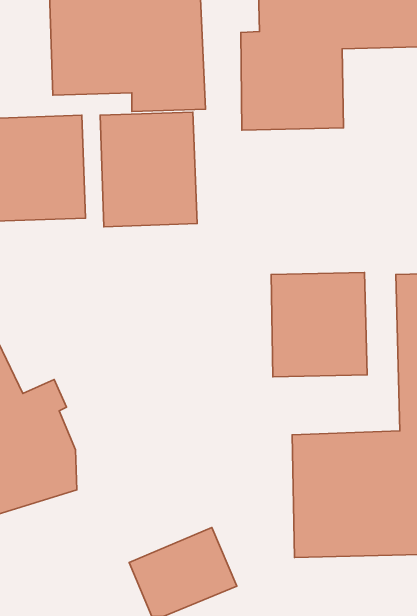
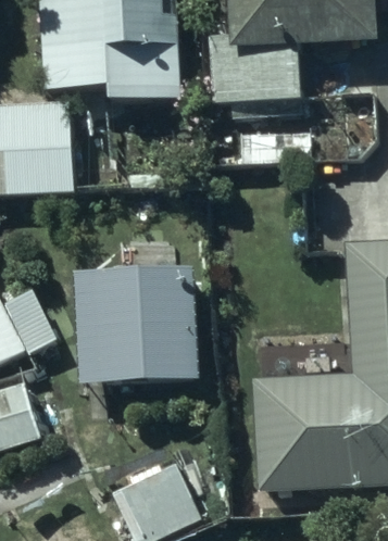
building: [100,112,197,227] -> none
building: [271,273,367,377] -> none
building: none -> [76,267,195,379]

